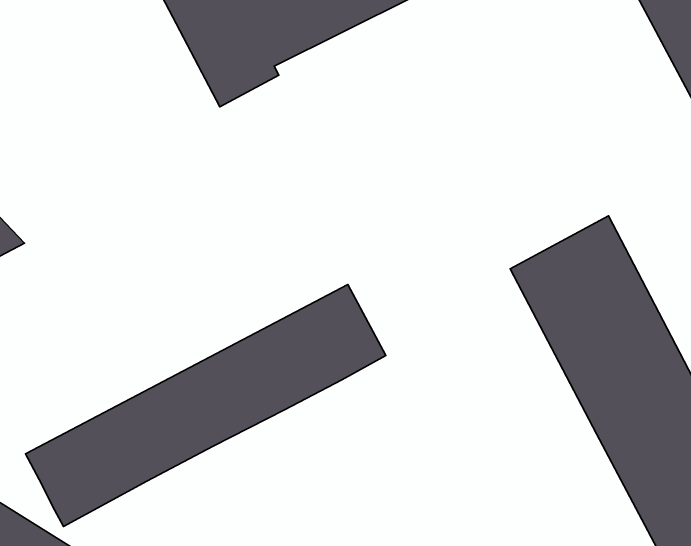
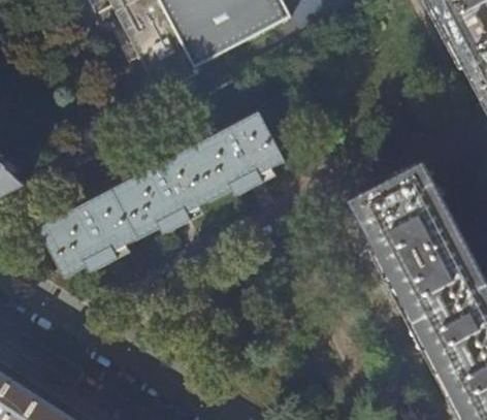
building: [26,284,386,527] -> [34,114,280,279]

